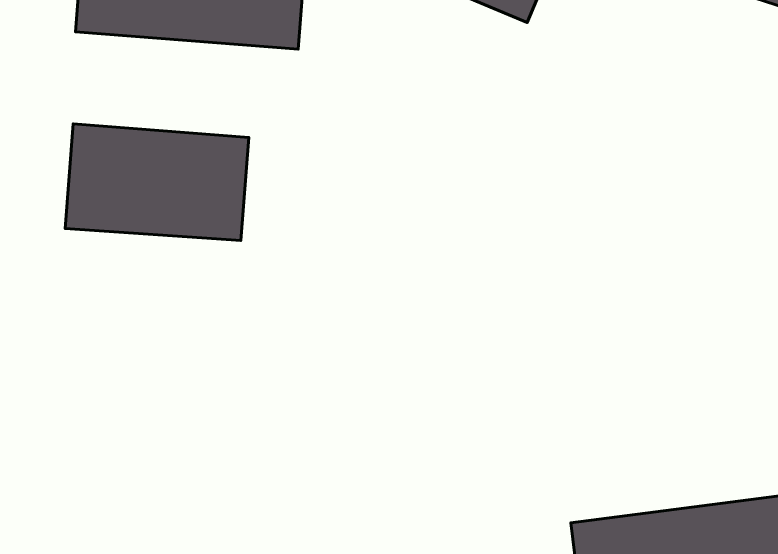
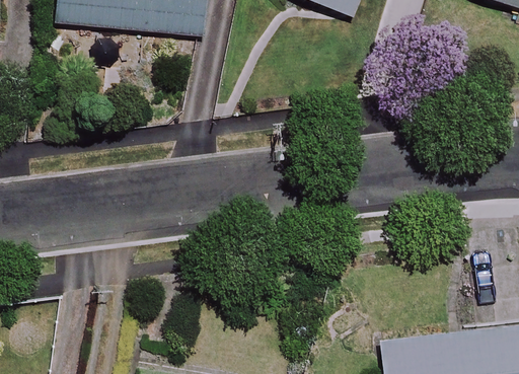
building: [65,124,249,241] -> none

